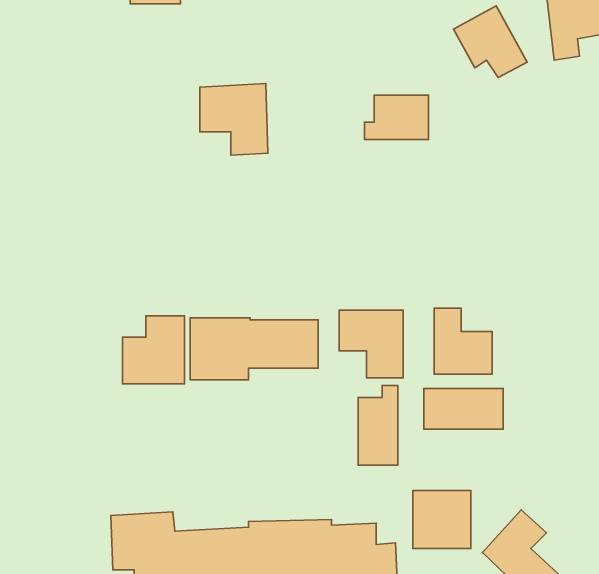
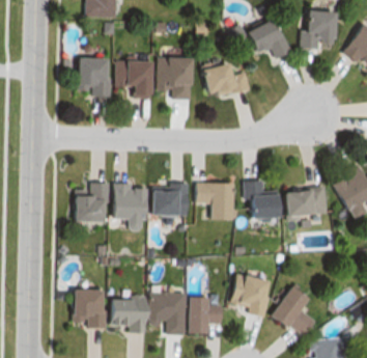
building: none -> [81,58,113,92]
building: none -> [162,58,197,99]
building: [358,385,398,465] -> none
building: [424,389,503,429] -> [286,190,329,212]

